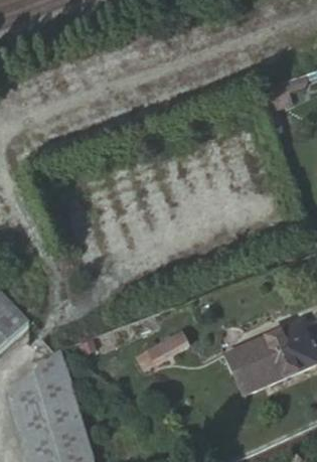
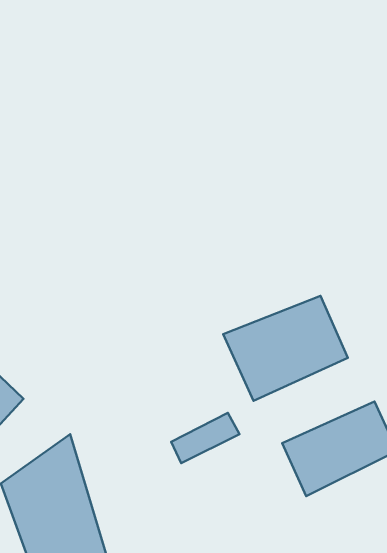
building: none -> [223,296,348,401]

